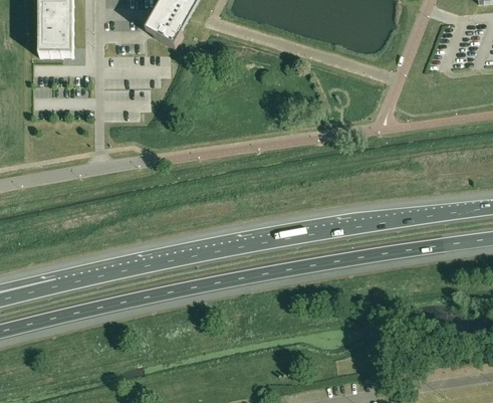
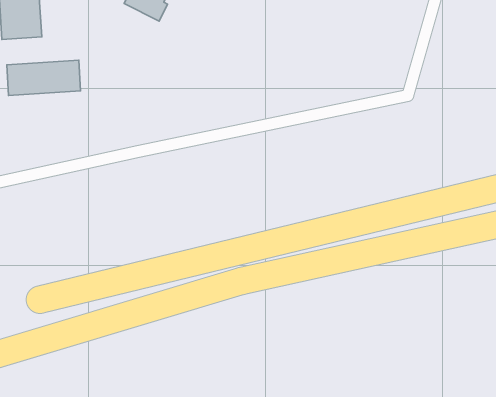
building: none -> [7,60,81,95]

